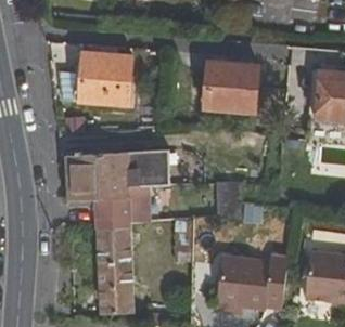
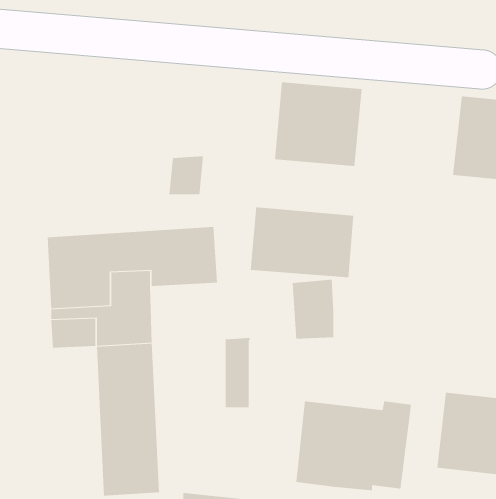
building: [79,52,133,106] -> none
building: none -> [250,206,354,278]

